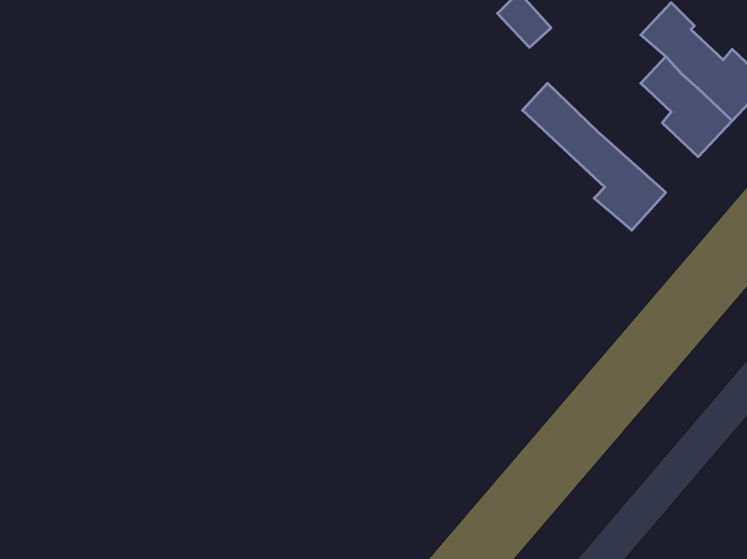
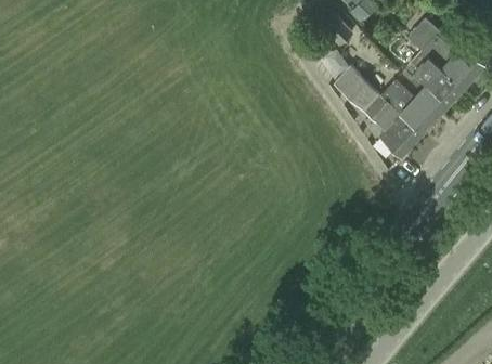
building: none -> [380,80,441,133]

